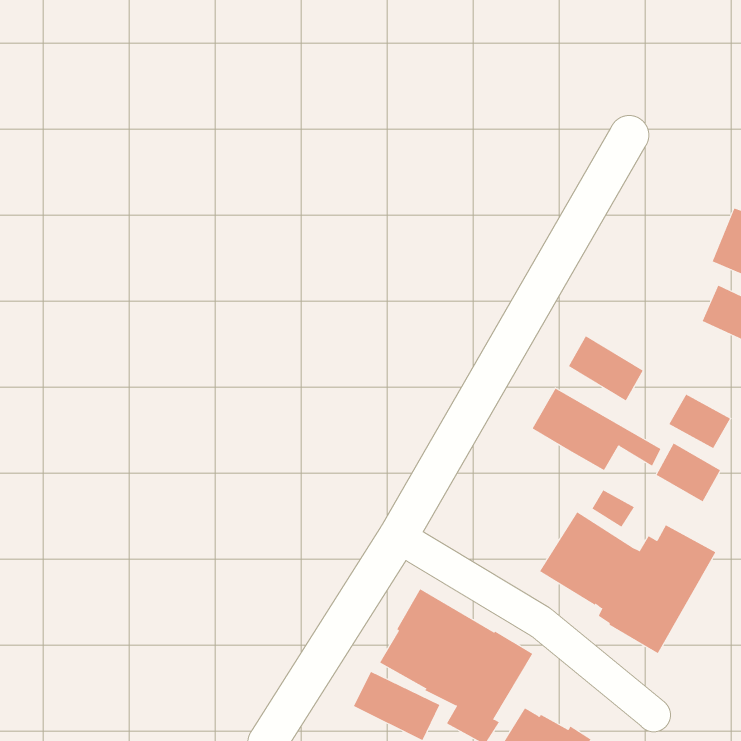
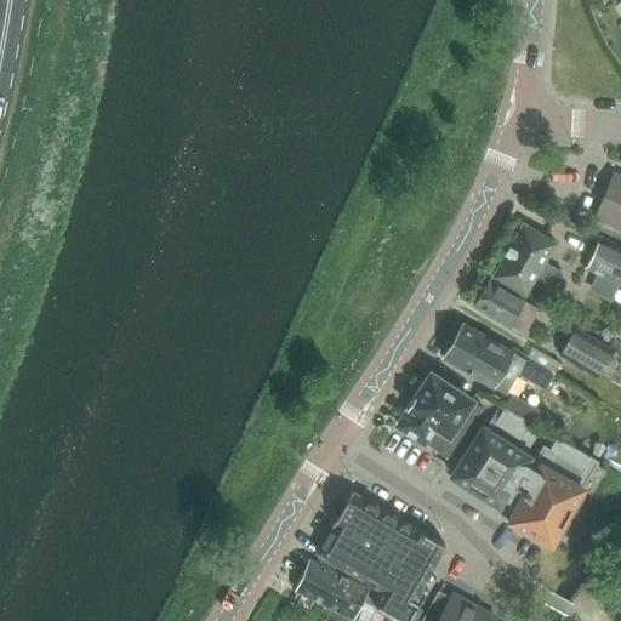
building: none -> [492,224,559,297]
building: [656,443,721,502] -> none
building: none -> [399,374,482,458]

